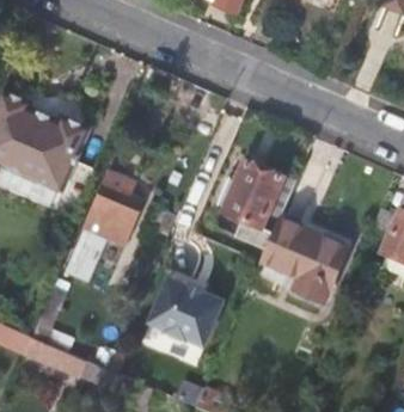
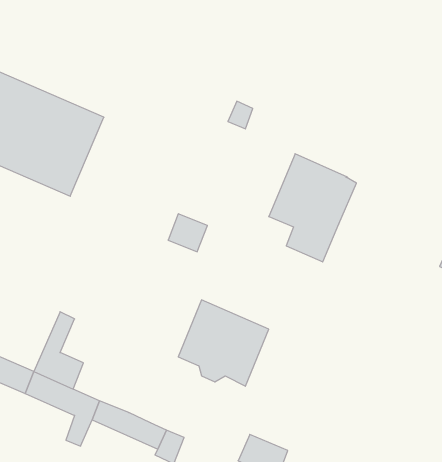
building: [62,180,142,283] -> none
building: [259,214,350,302] -> none

